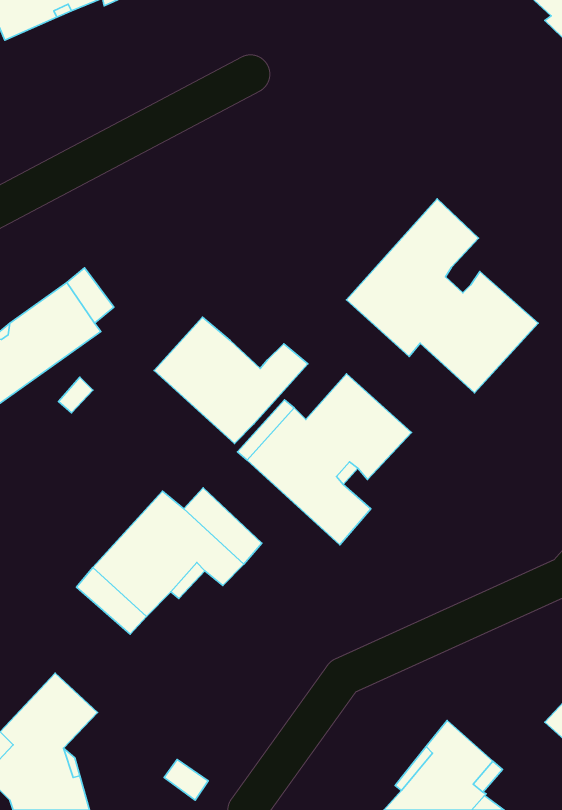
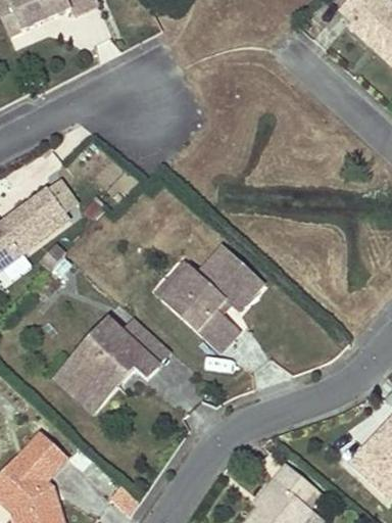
building: [347,199,538,393] -> none
building: [154,317,308,443] -> none

